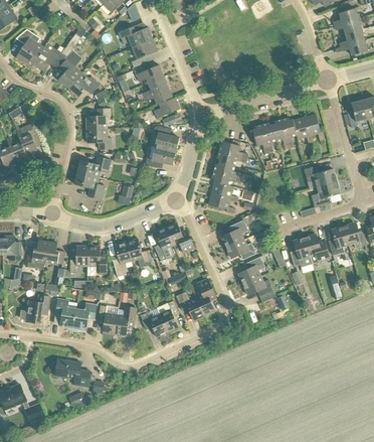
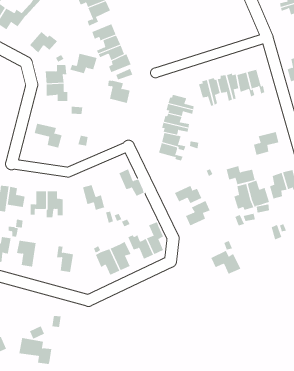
building: [58,49,82,88] -> none
building: [145,146,175,168] -> [70,53,98,74]
building: [76,157,111,177] -> none
building: [304,165,336,186] -> [226,165,255,185]
building: [220,219,247,248] -> none
building: [154,227,173,261] -> none
building: [112,242,131,277] -> none
building: [242,276,275,302] -> [210,250,241,274]
building: [72,303,96,330] -> none
building: [114,306,136,336] -> none
building: [53,358,89,388] -> [19,338,52,365]

